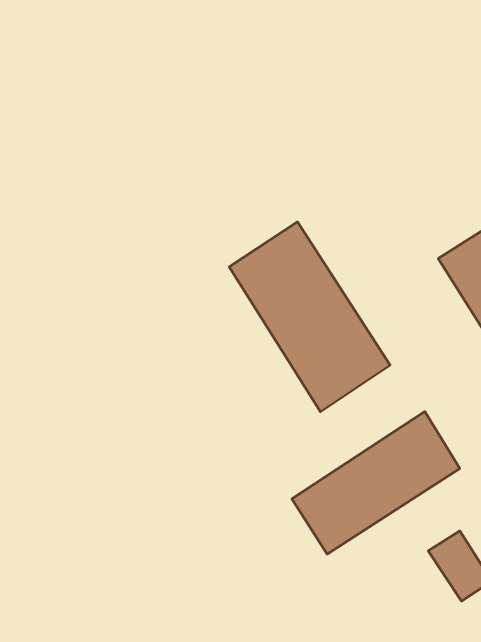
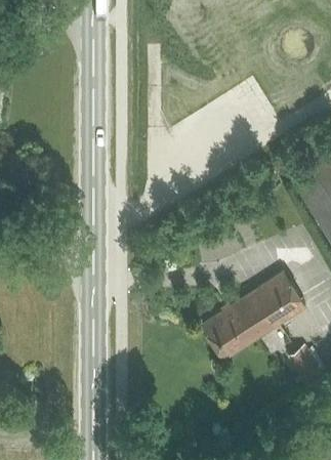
building: [229,222,390,412] -> none

